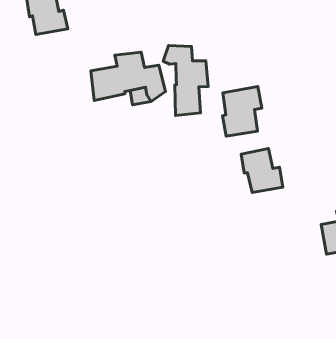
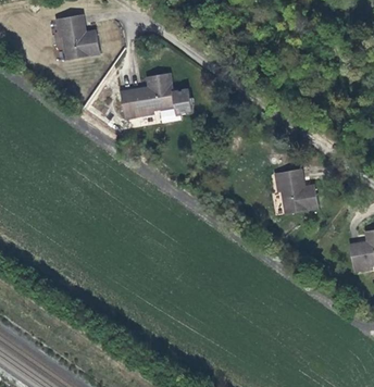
building: [163,46,208,116] -> none
building: [222,87,262,136] -> none

